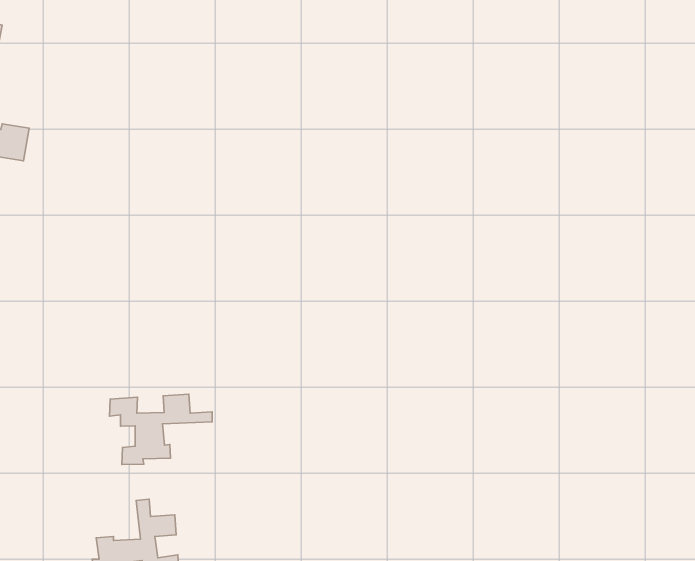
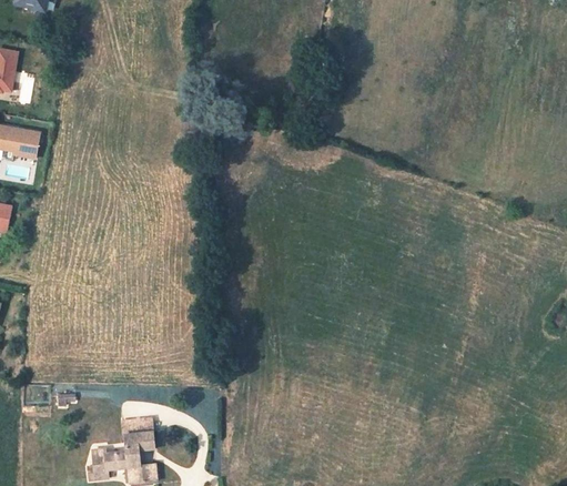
building: [110,394,212,464] -> none

